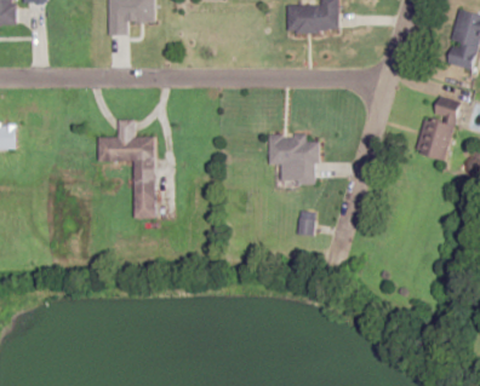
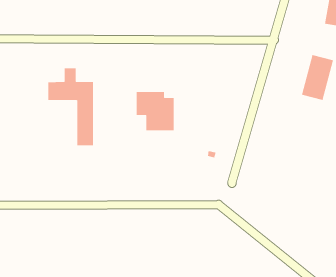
building: [269,134,318,184] -> [136,92,174,131]

